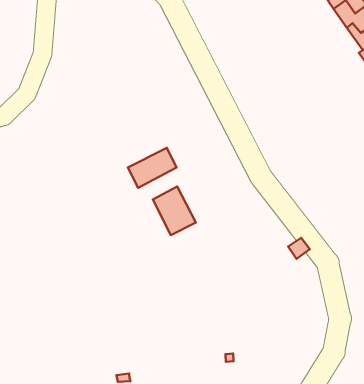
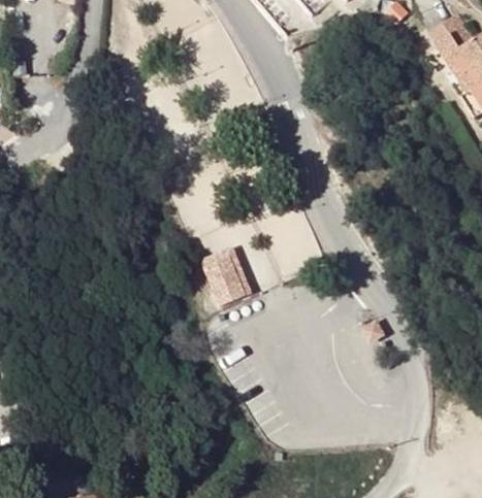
building: [128,148,176,188] -> none

